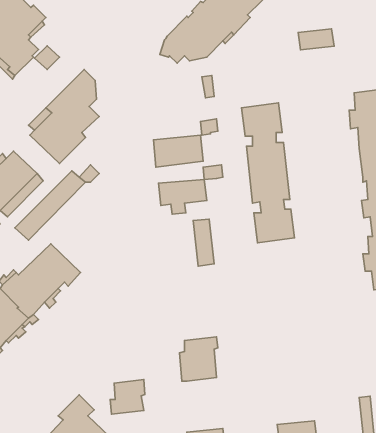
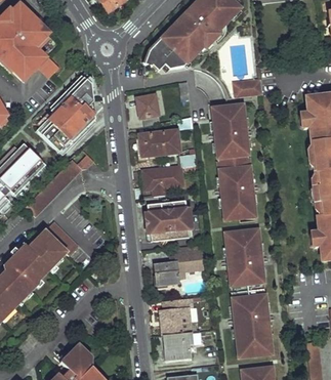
building: [298,29,334,50] -> [234,78,263,95]
building: none -> [137,94,160,124]
building: none -> [148,201,176,242]
building: none -> [225,228,273,356]
building: none -> [156,251,204,285]
building: [110,380,145,414] -> [164,331,193,360]

